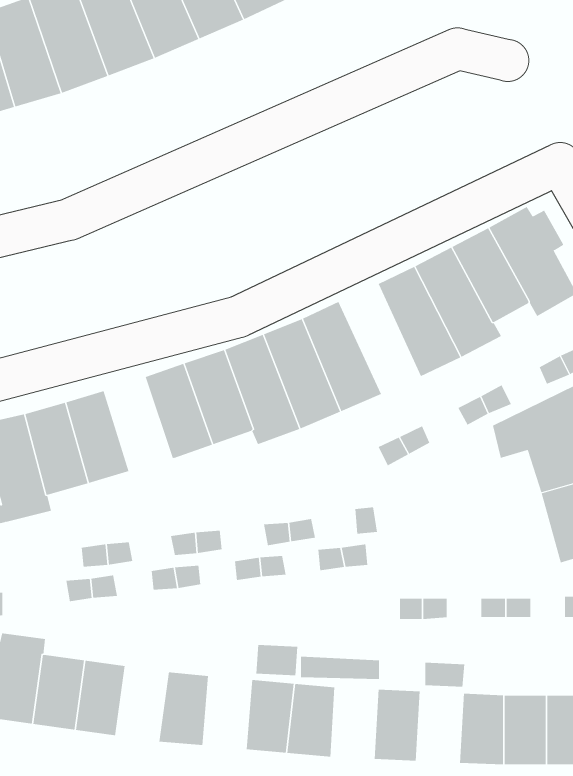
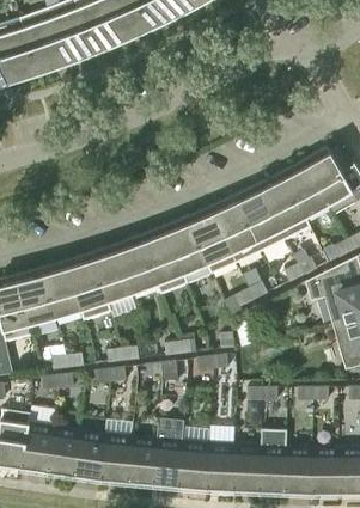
building: none -> [210,196,261,264]
building: none -> [66,253,111,322]
building: none -> [73,432,105,478]
building: none -> [127,437,157,483]
building: none -> [206,445,234,489]
building: none -> [258,447,287,491]

